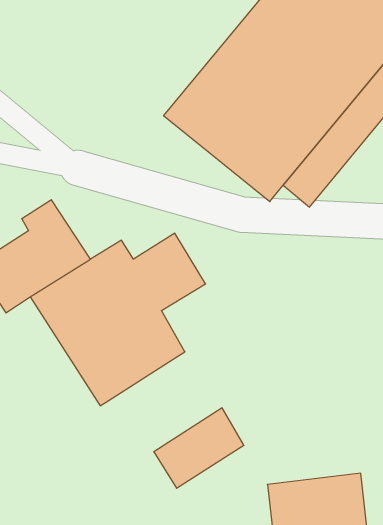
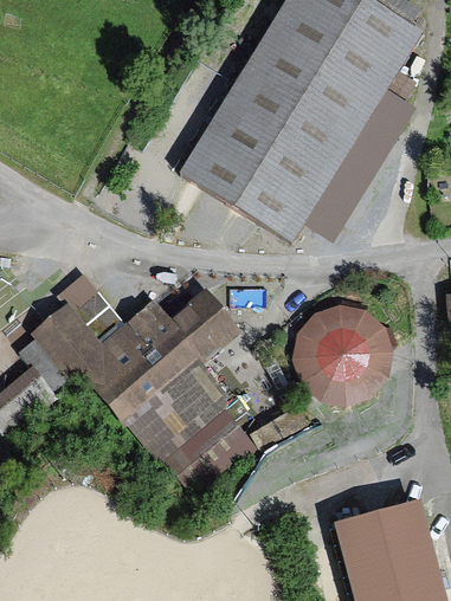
building: none -> [295,304,393,402]
building: [154,408,244,488] -> [165,407,251,491]

